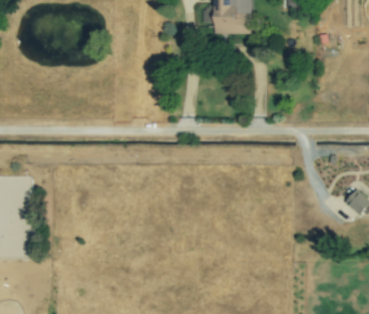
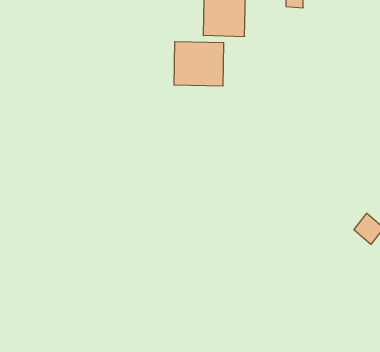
building: none -> [174,42,224,86]

